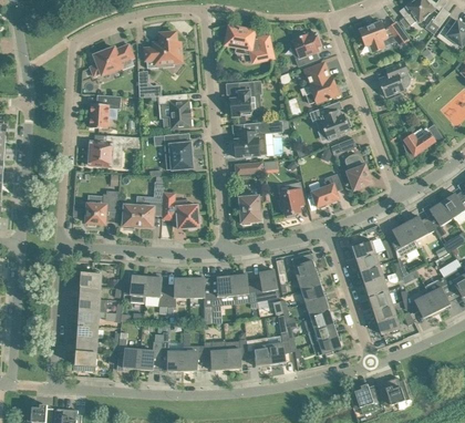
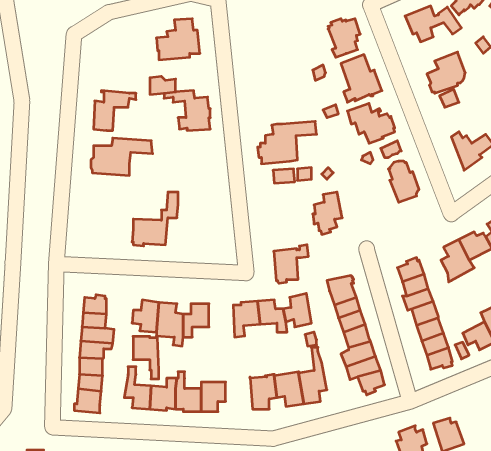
building: [226,27,272,61] -> none
building: [90,44,133,75] -> none
building: [230,81,261,116] -> none
building: [164,134,193,169] -> none
building: [308,174,342,208] -> none
building: [85,190,118,226] -> none
building: [239,192,269,225] -> [274,245,308,283]
building: [161,193,200,229] -> none
building: [189,278,211,314] -> [133,336,159,379]
building: [204,341,227,370] -> none

